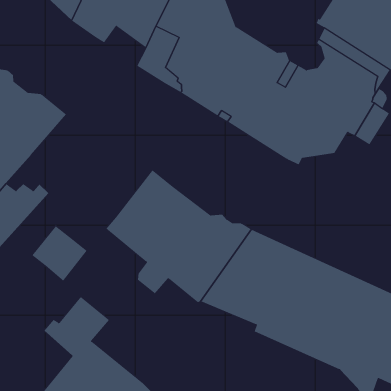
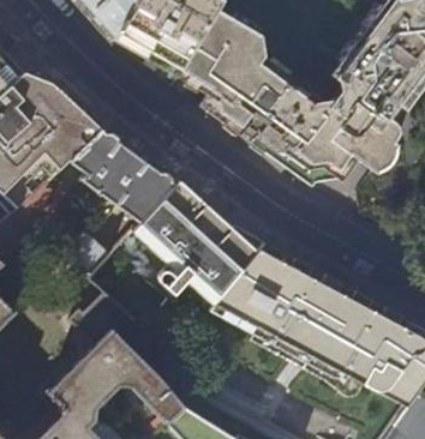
building: none -> [71,125,181,222]

